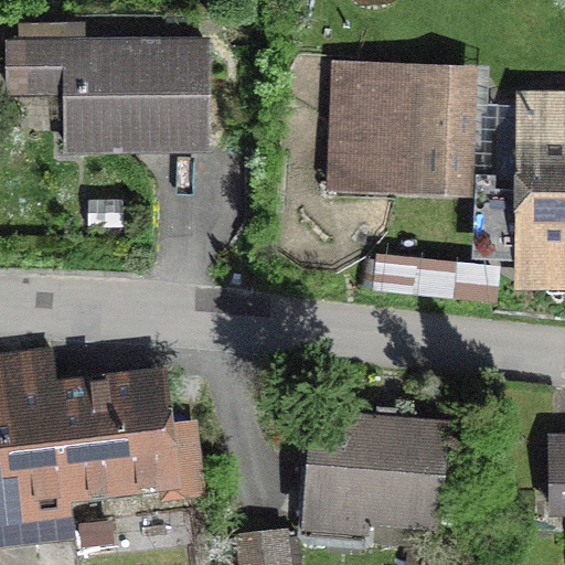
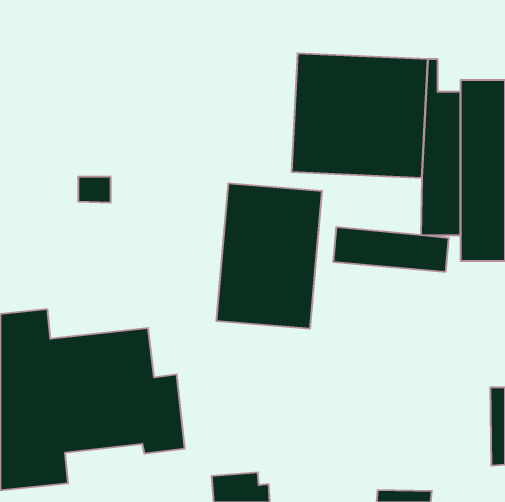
building: [4,20,211,156] -> none
building: none -> [217,183,322,329]
building: [301,406,449,539] -> none

